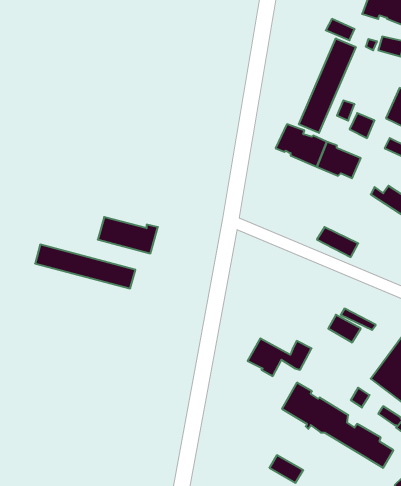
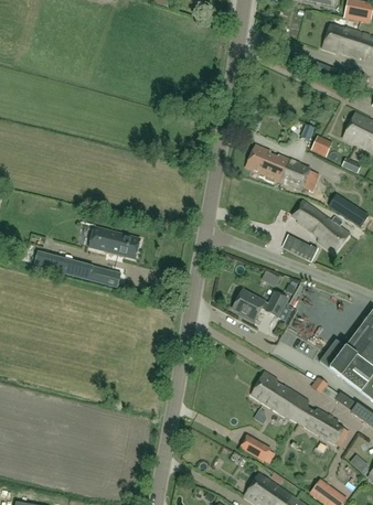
building: [299,38,356,133] -> none
building: none -> [291,198,349,254]
building: [248,338,312,376] -> [232,289,288,322]

